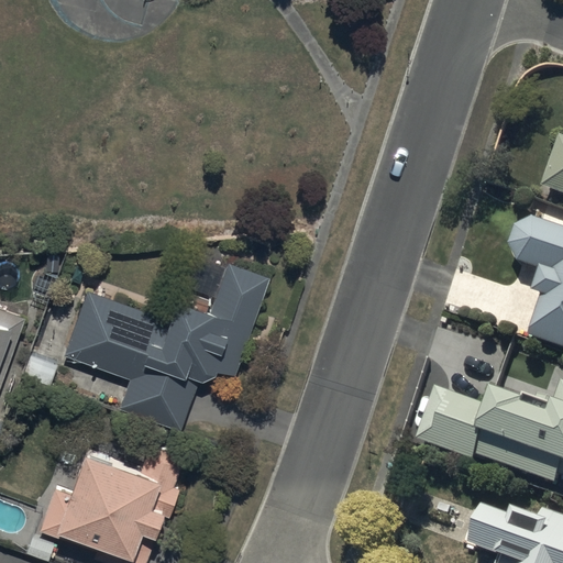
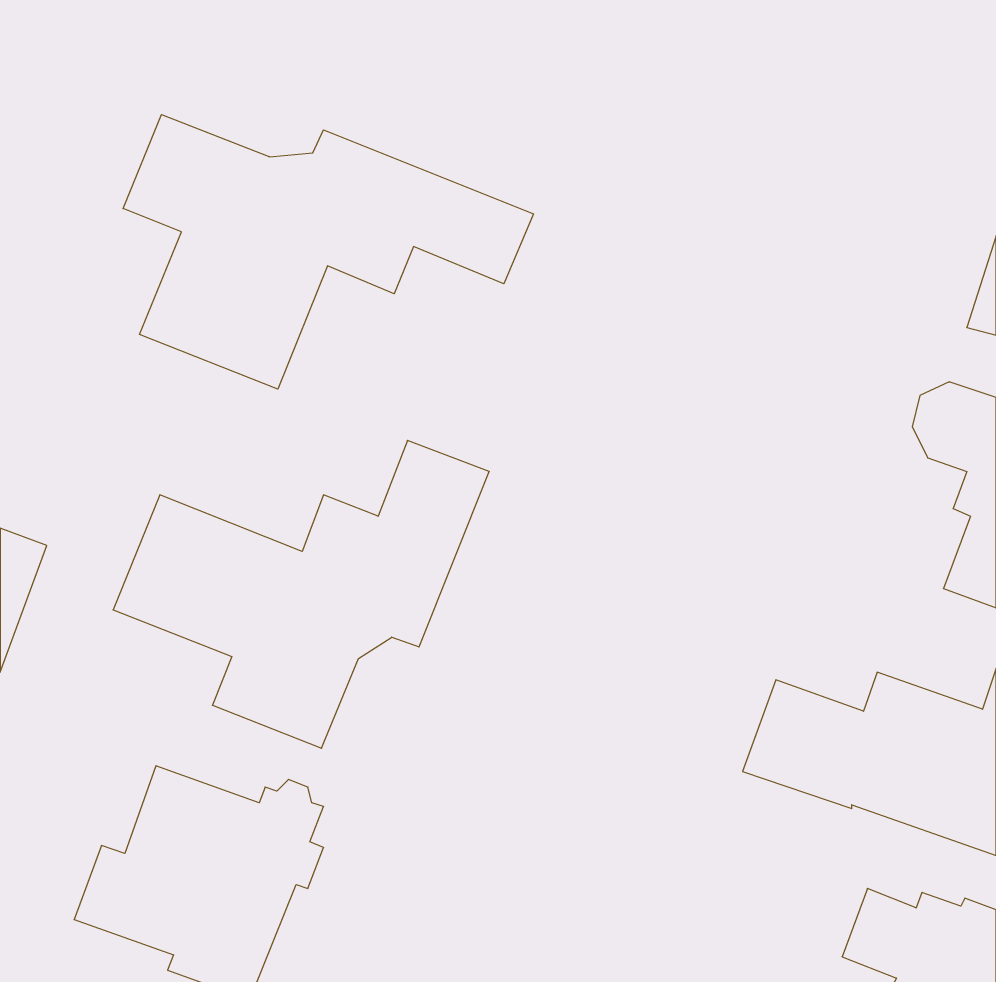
building: none -> [123,115,533,389]

